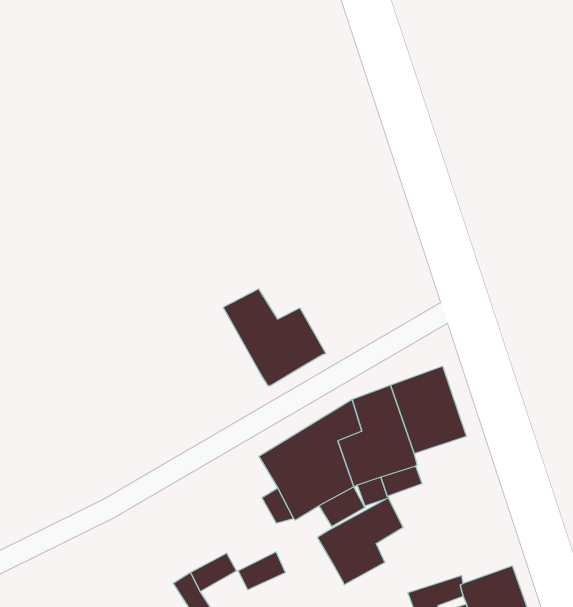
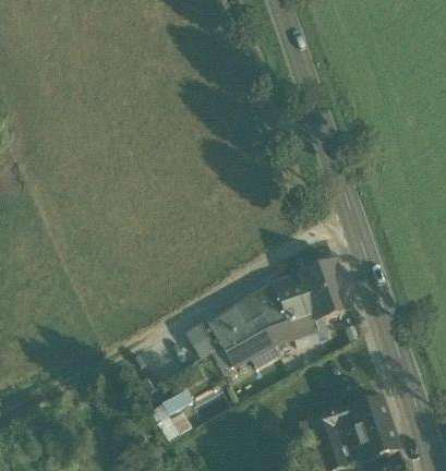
building: [223,289,326,386] -> none
building: none -> [188,323,220,355]
building: [318,498,403,585] -> none

